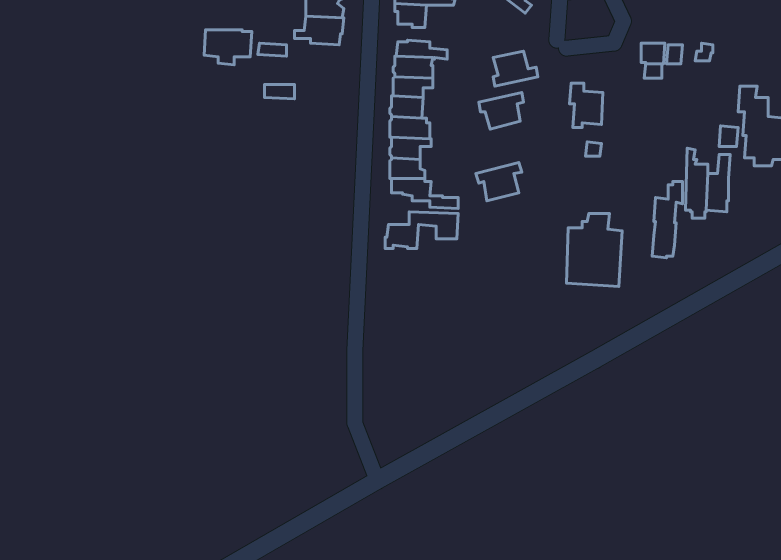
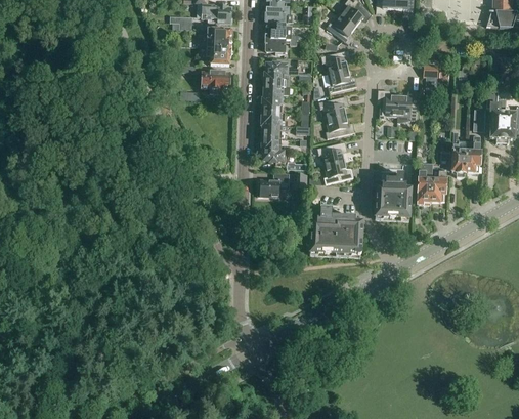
building: none -> [320,50,349,74]
building: [204,30,252,65] -> [200,72,230,94]
building: none -> [397,91,419,121]
building: none -> [326,115,354,138]
building: none -> [323,161,353,184]
building: none -> [417,164,432,205]
building: none -> [305,209,361,257]

